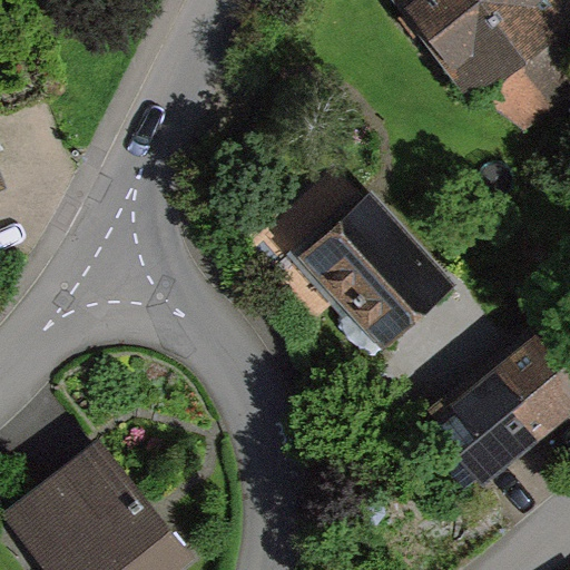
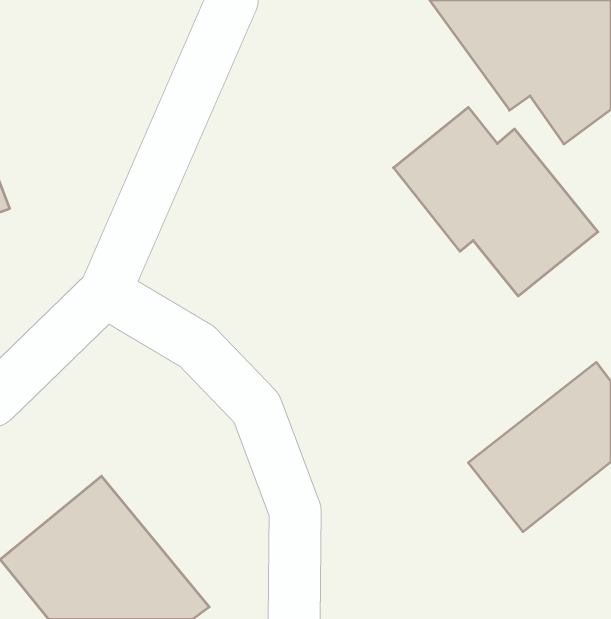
building: [264,177,452,351] -> [393,107,598,296]

